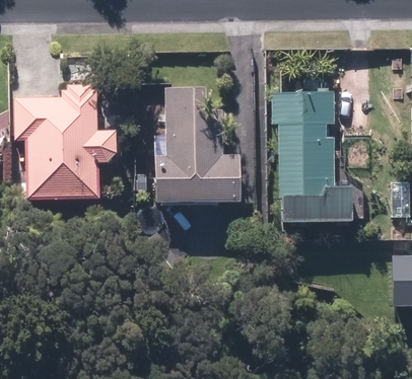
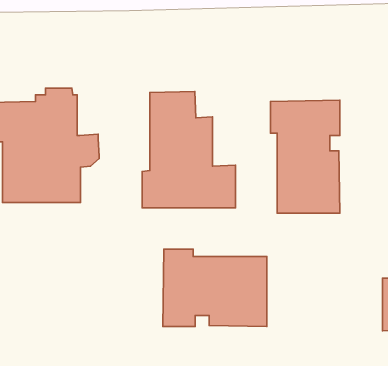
building: none -> [163,249,267,327]

